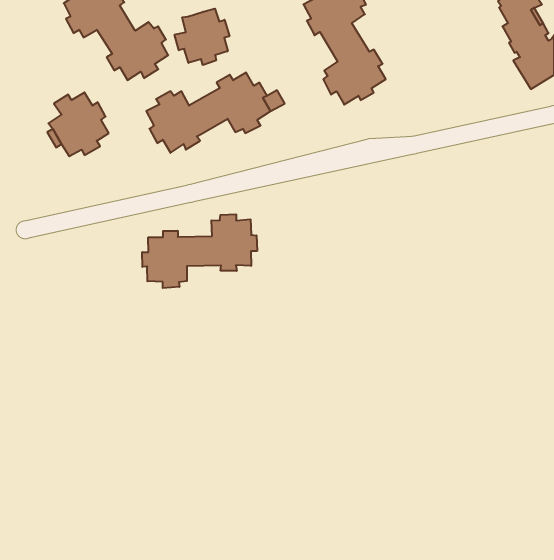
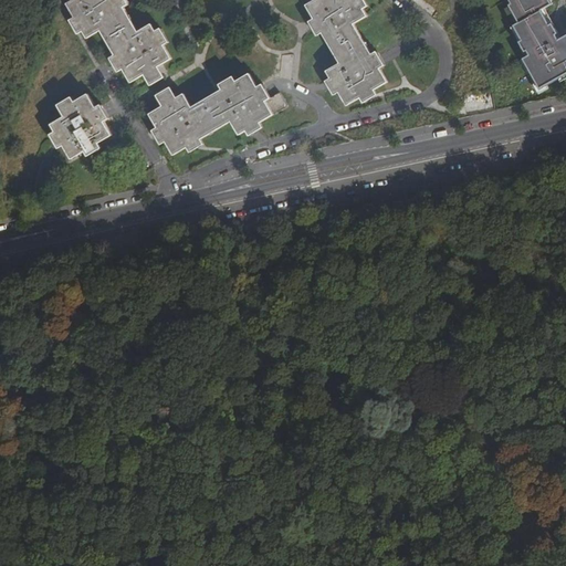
building: [175,9,229,65] -> none
building: [142,214,257,288] -> none

